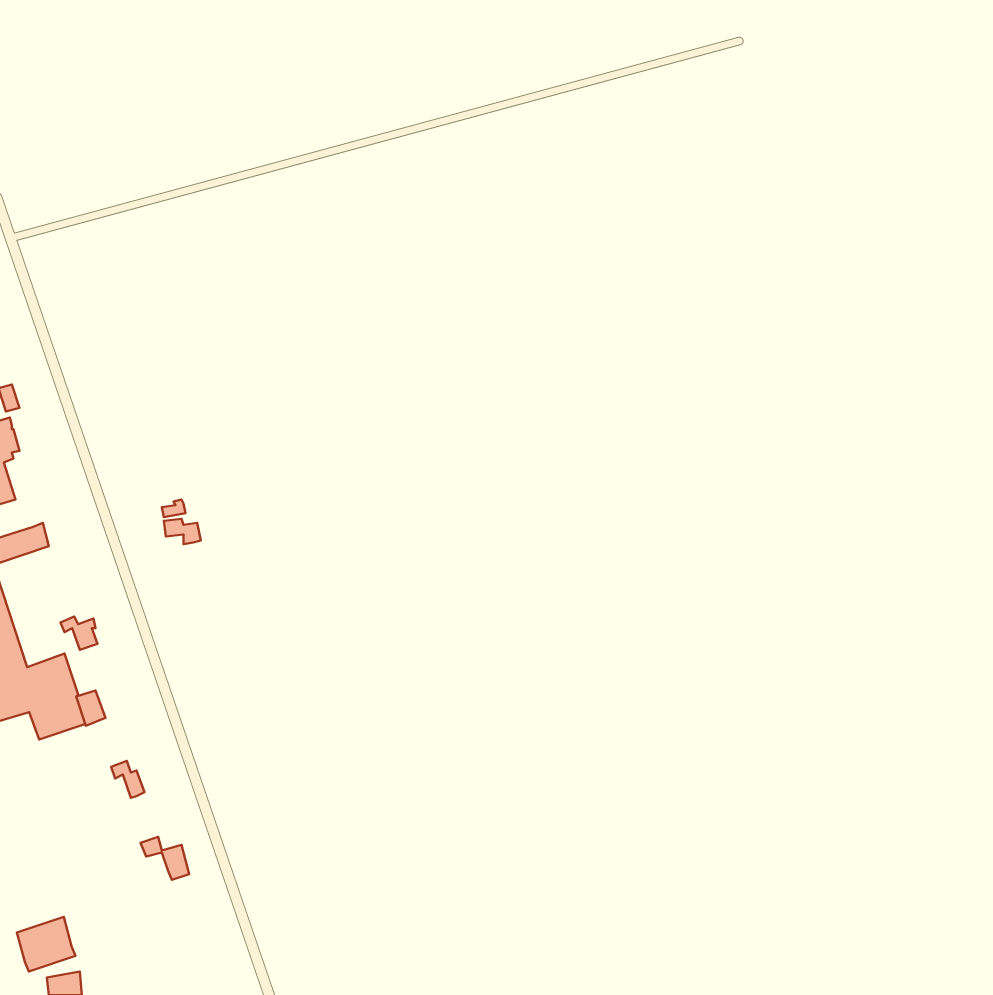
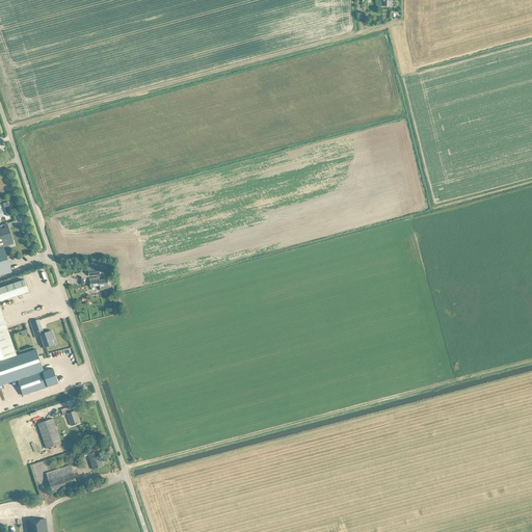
building: none -> [36,418,59,448]
building: [17,917,76,971] -> [44,463,75,493]

